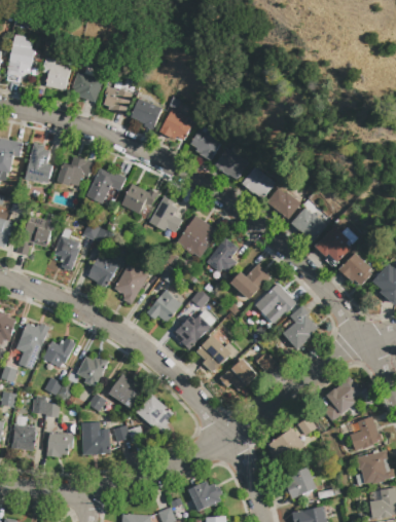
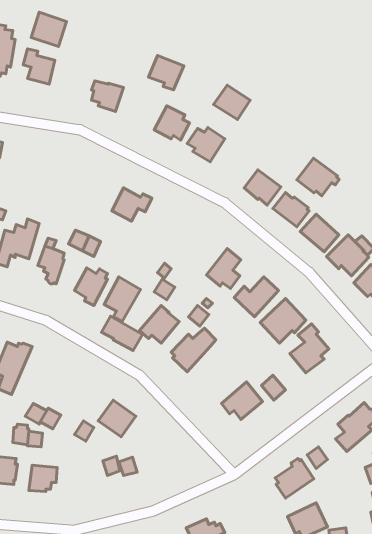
building: [70,71,102,102] -> [31,12,66,47]
building: [130,98,161,128] -> [148,56,184,90]
building: [26,142,51,183] -> none
building: [214,148,247,179] -> [214,85,250,119]
building: none -> [297,158,339,196]
building: [58,156,93,186] -> none
building: [87,167,125,201] -> none
building: [148,195,182,231] -> none
building: [177,215,217,257] -> none
building: none -> [101,316,142,350]
building: [196,330,231,372] -> none
building: [43,338,75,367] -> none
building: [77,357,108,386] -> none
building: [137,394,173,434] -> none
building: [81,421,110,454] -> none

